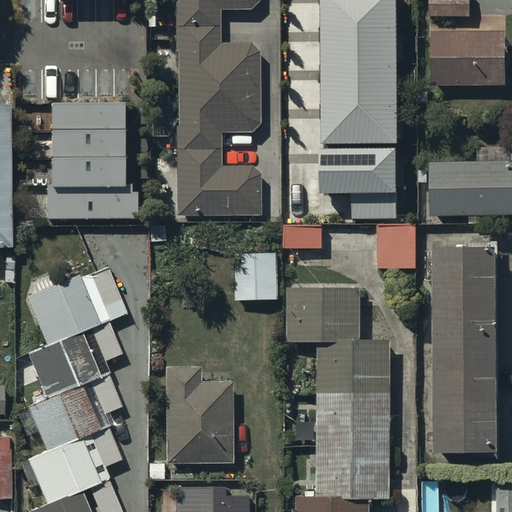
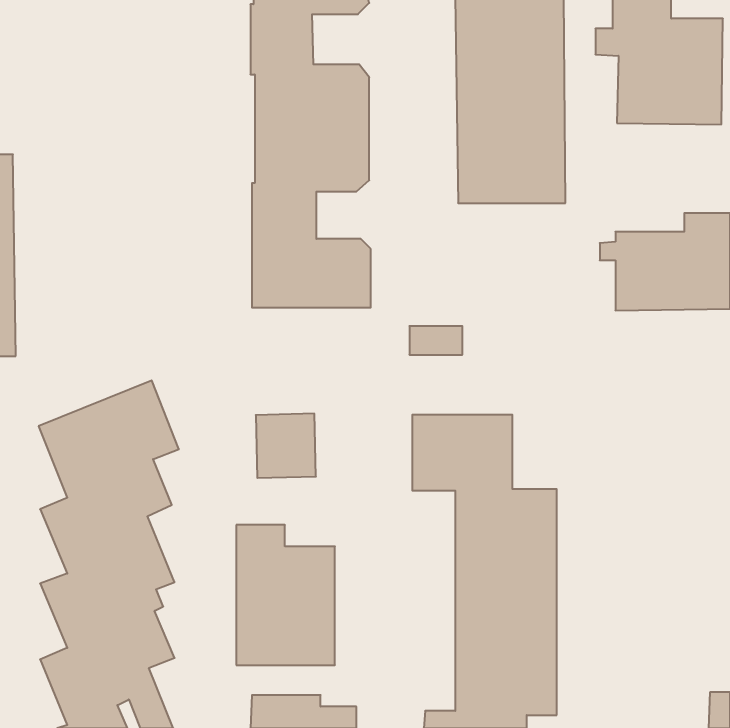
building: [46,100,137,217] -> none
building: [318,146,395,217] -> none
building: [376,228,413,268] -> none
building: [434,253,497,456] -> none
building: [234,255,276,300] -> [256,414,316,478]

